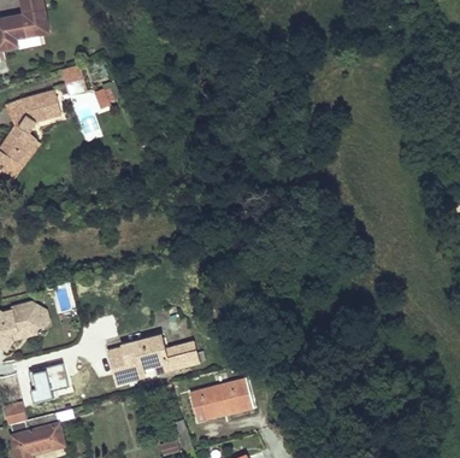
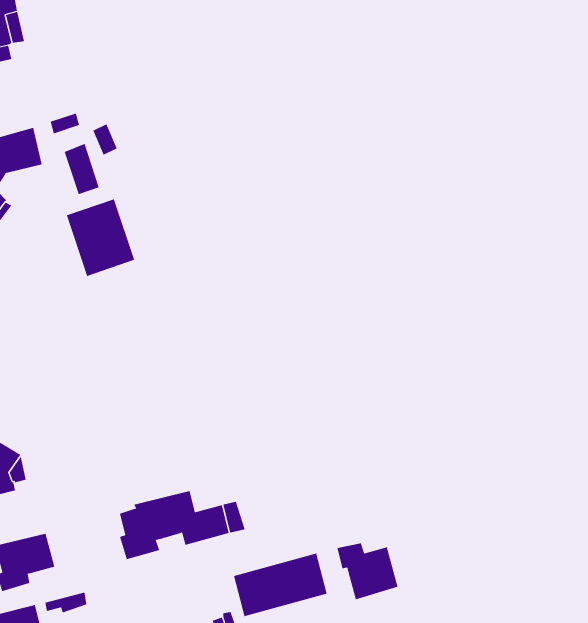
building: none -> [66,198,135,277]
building: none -> [337,542,398,600]

